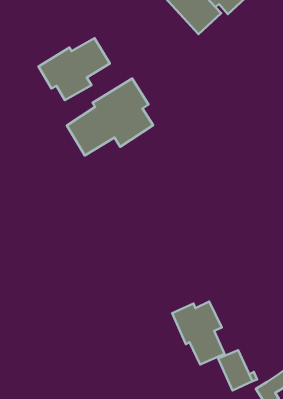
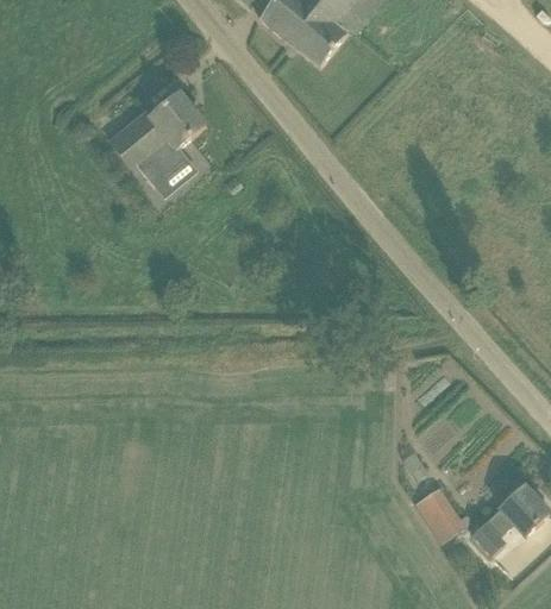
building: [67,78,153,156] -> none
building: [172,302,225,365] -> none

